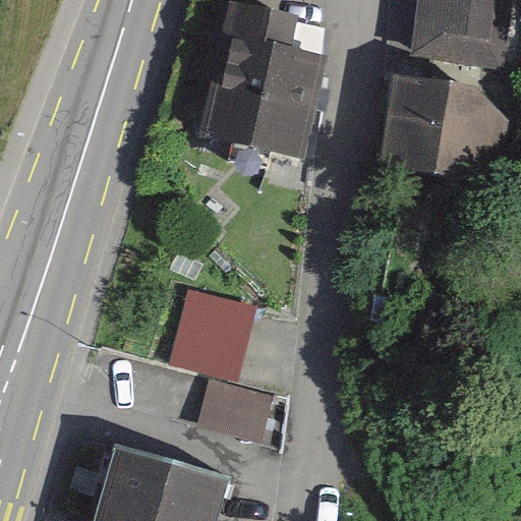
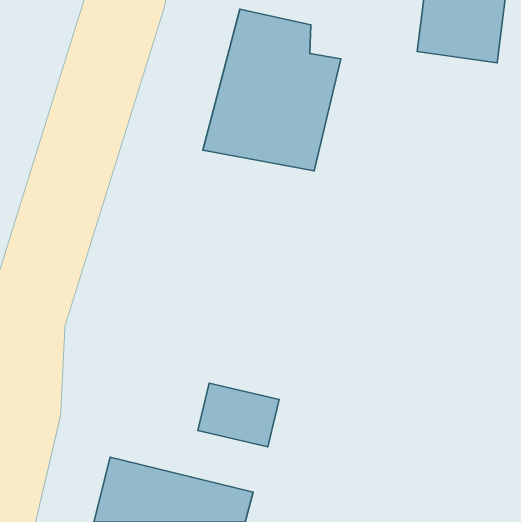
building: [378,74,496,181] -> none
building: [168,286,256,380] -> none

